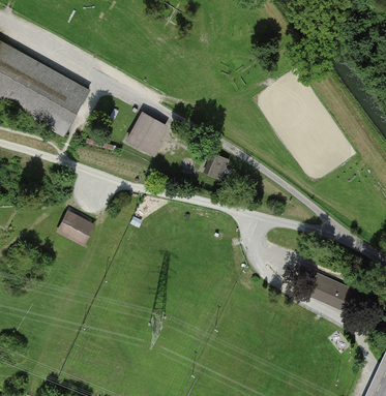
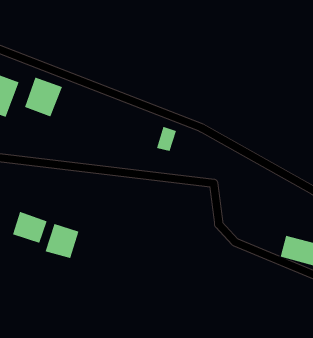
building: [126,113,166,153] -> [24,77,63,117]
building: none -> [45,223,79,259]

